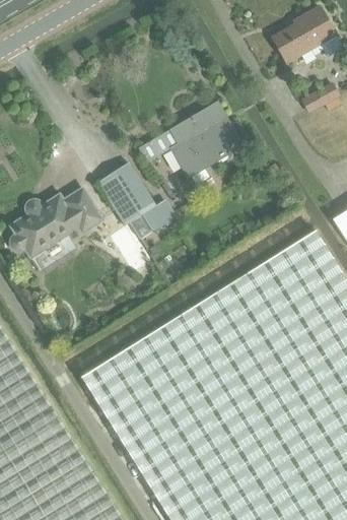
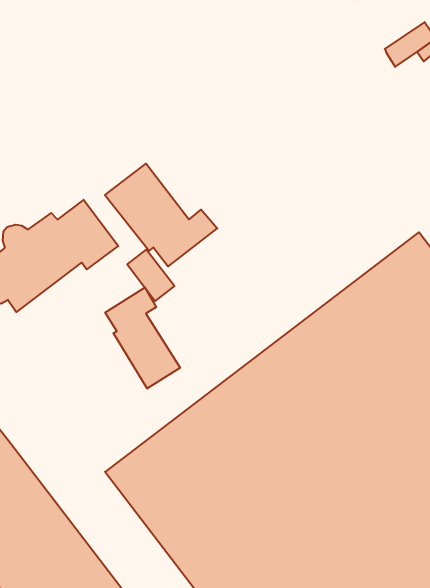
building: [139,101,245,179] -> none
building: none -> [105,287,180,389]

